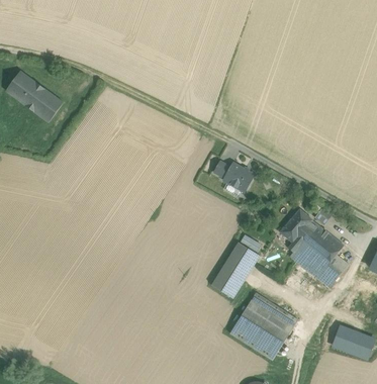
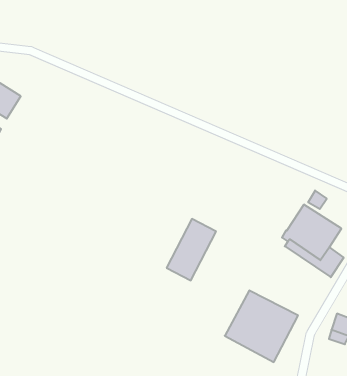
building: [223,163,253,192] -> none
building: [280,208,311,242] -> none
building: [211,243,259,298] -> [167,219,216,280]

